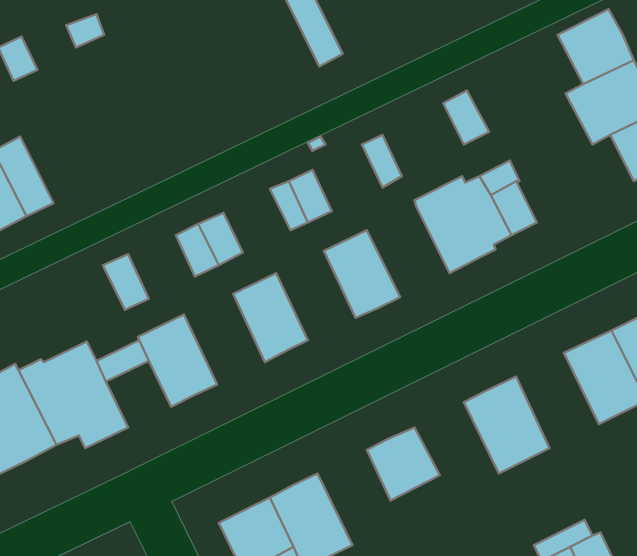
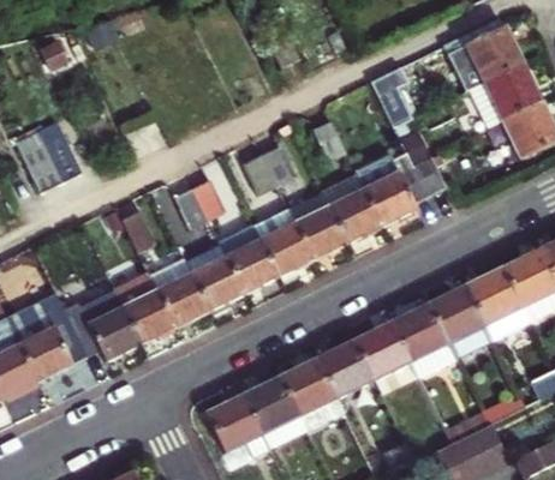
building: none -> [317,175,380,244]
building: none -> [249,209,309,276]
building: none -> [180,241,240,310]
building: none -> [430,286,493,358]
building: none -> [120,292,169,342]
building: none -> [353,323,417,396]
building: none -> [280,359,344,431]

